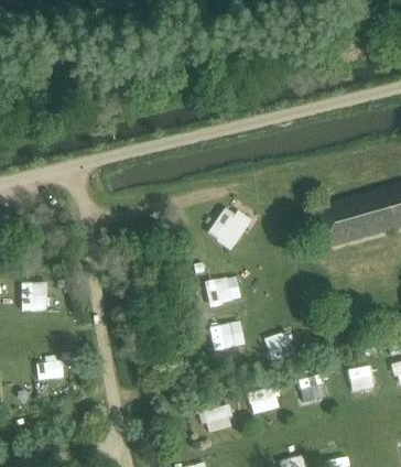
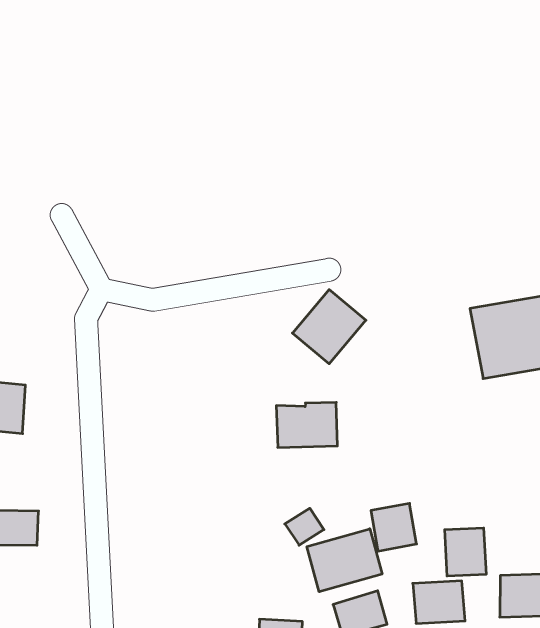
building: none -> [445,528,486,576]
building: none -> [307,529,382,592]

